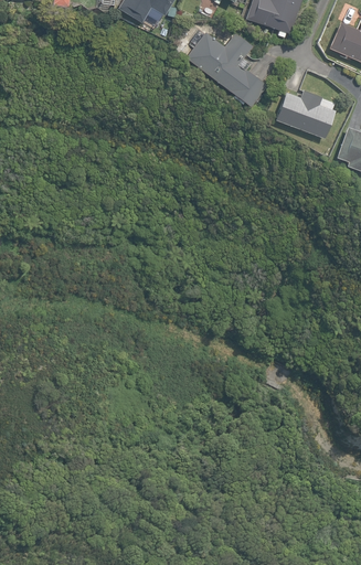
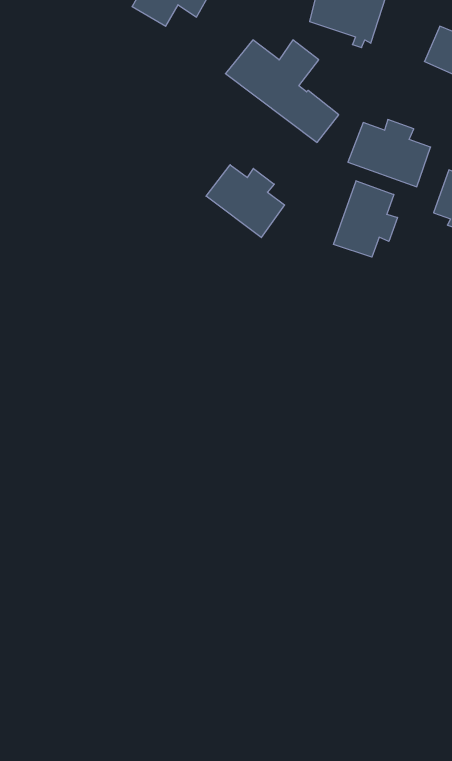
building: none -> [206,165,285,238]
building: none -> [333,181,397,257]

